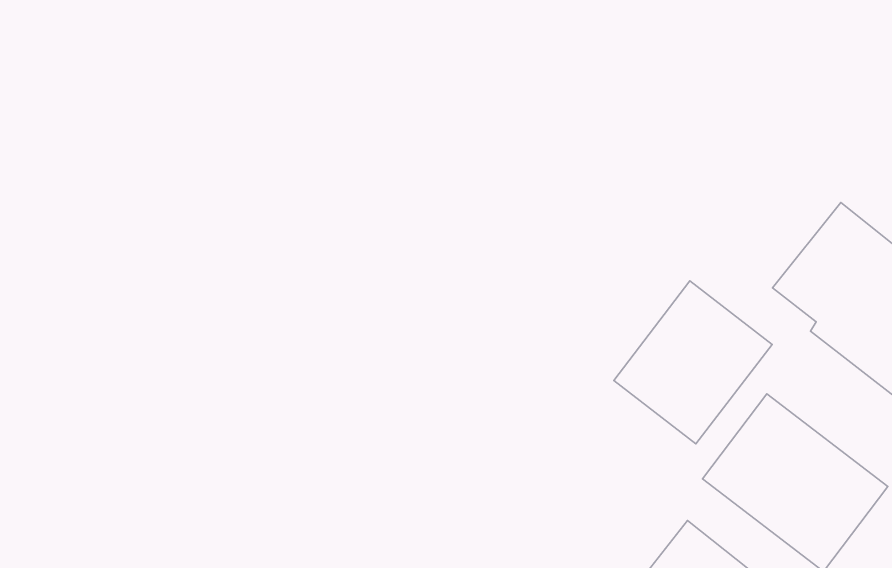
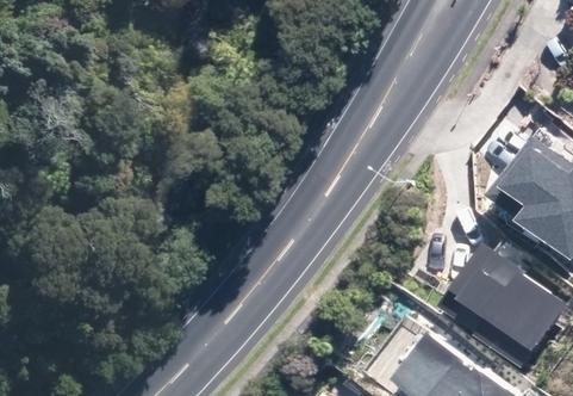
building: [614,281,772,444] -> none

